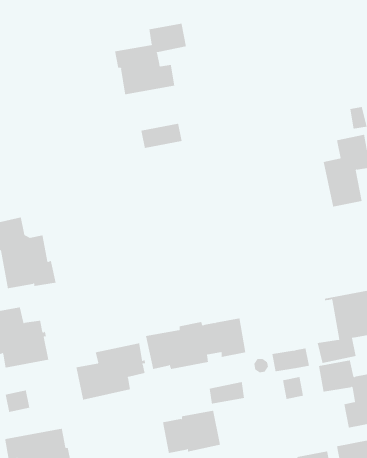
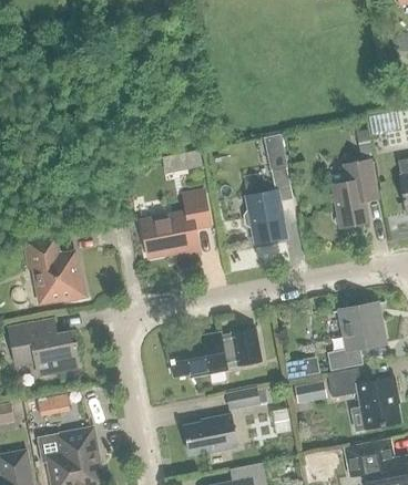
building: [115,23,186,95] -> none
building: none -> [243,134,293,244]
building: none -> [139,189,211,258]
building: [76,342,146,400] -> none

